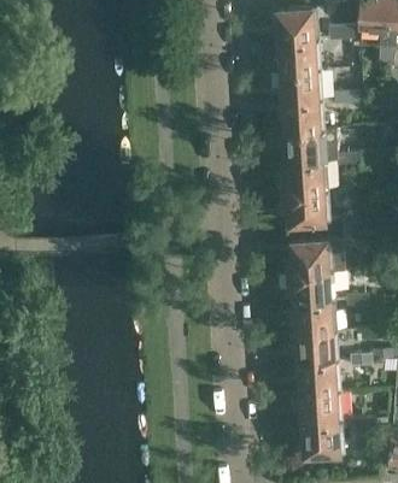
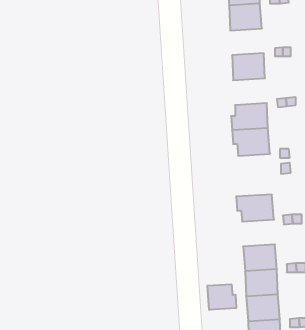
building: [280,70,321,102] -> none
building: [283,130,324,163] -> none
building: [287,241,330,273] -> none
building: [294,301,334,334] -> none
building: none -> [207,284,236,310]

